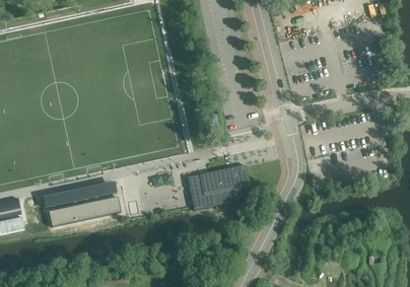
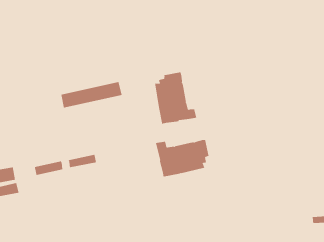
building: none -> [155,71,197,124]
building: [48,196,121,227] -> [61,82,123,108]

